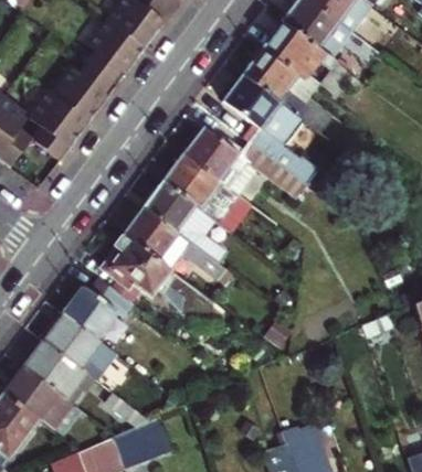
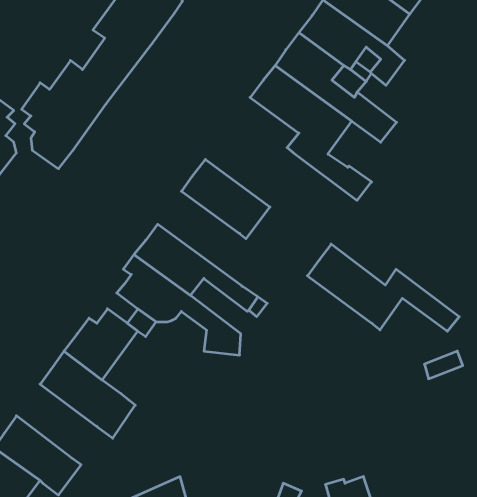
building: [181,127,308,200] -> [307,244,459,331]
building: [141,180,222,259] -> none
building: [23,341,91,403] -> none

